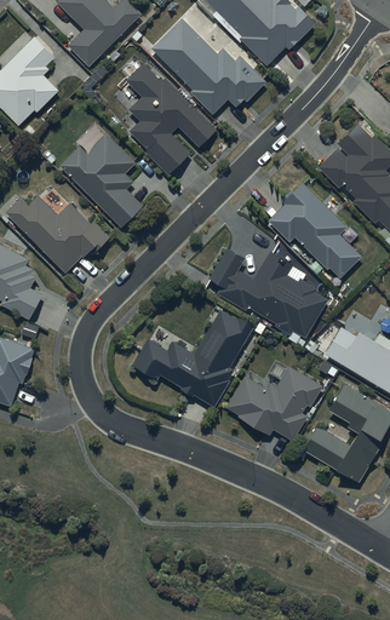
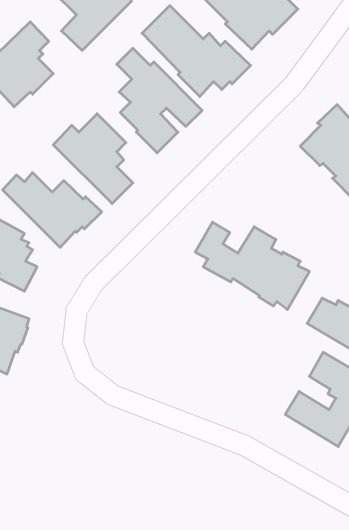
building: [268,182,362,279] -> none
building: [132,309,254,407] -> none
building: [226,367,322,441] -> none

